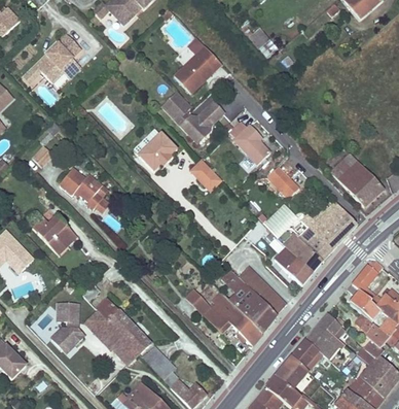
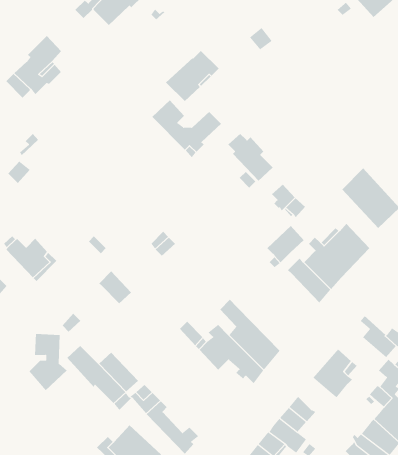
building: [138,132,177,171] -> none
building: [191,159,221,190] -> none
building: [60,167,108,208] -> none
building: [275,246,312,285] -> none
building: [352,264,377,301] -> none
building: [239,265,287,315] -> none
building: [96,297,125,327] -> [99,271,132,304]
building: [292,339,322,368] -> none

